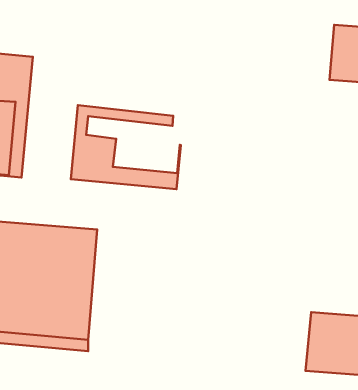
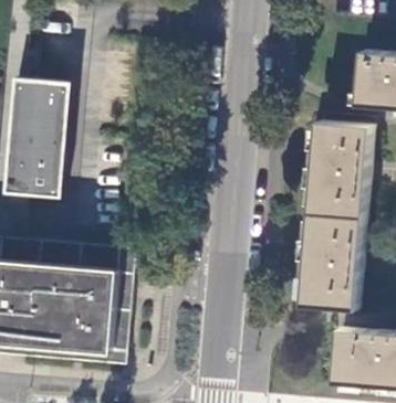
building: none -> [299,121,369,310]
building: [71,105,181,189] -> none

